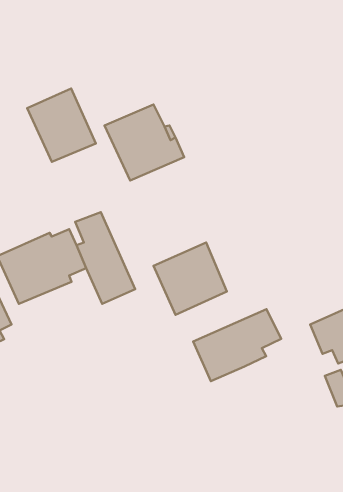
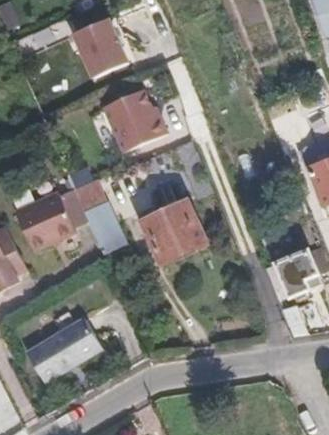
building: [27,89,96,162] -> [72,17,128,77]
building: [193,309,281,381] -> none
building: none -> [29,311,100,379]

